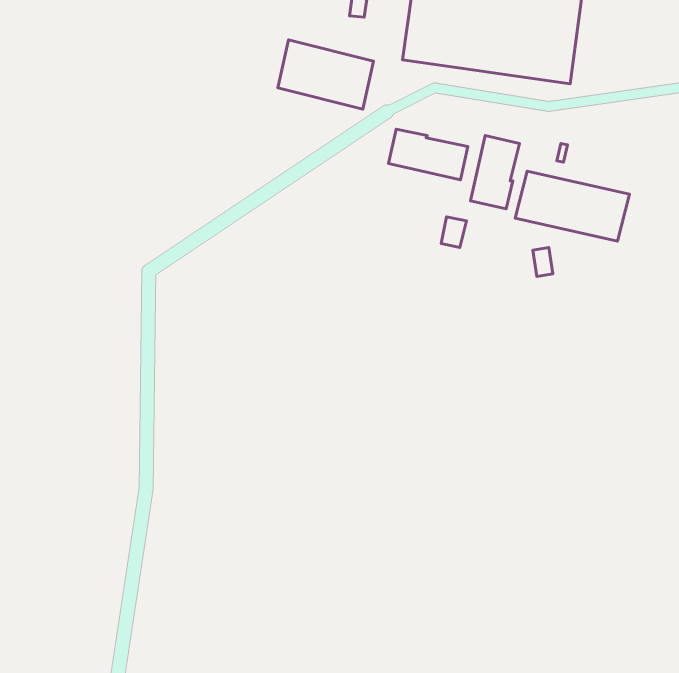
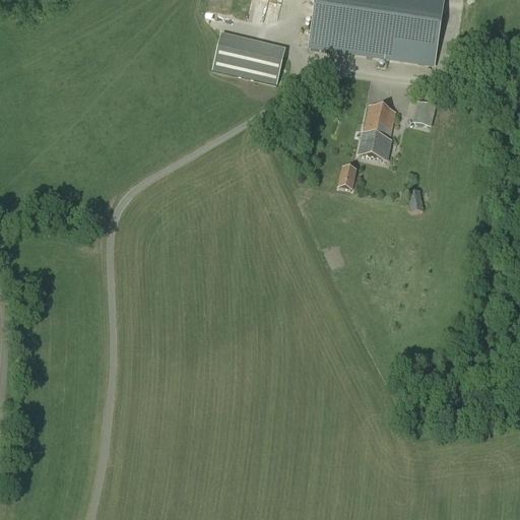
building: [388,129,468,180] -> none
building: [515,171,630,241] -> none

